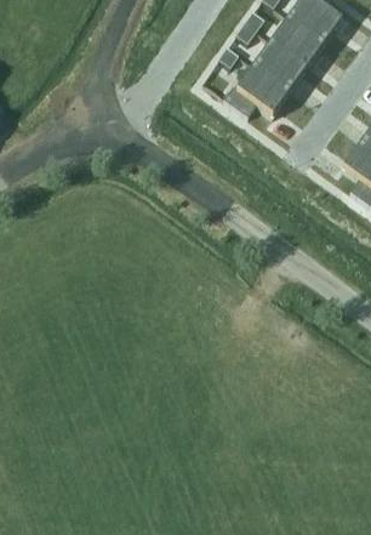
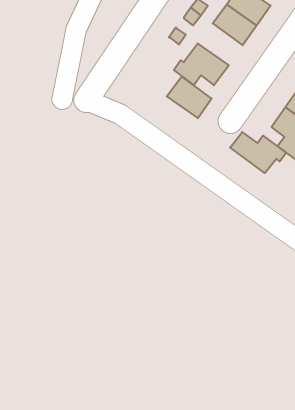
building: [252,41,307,92] -> [167,76,212,118]
building: none -> [230,132,286,173]

